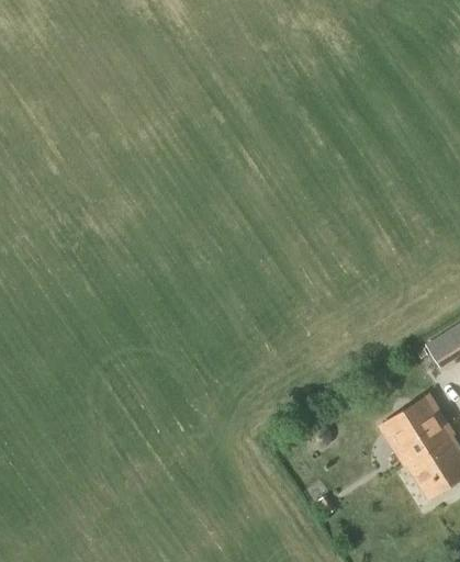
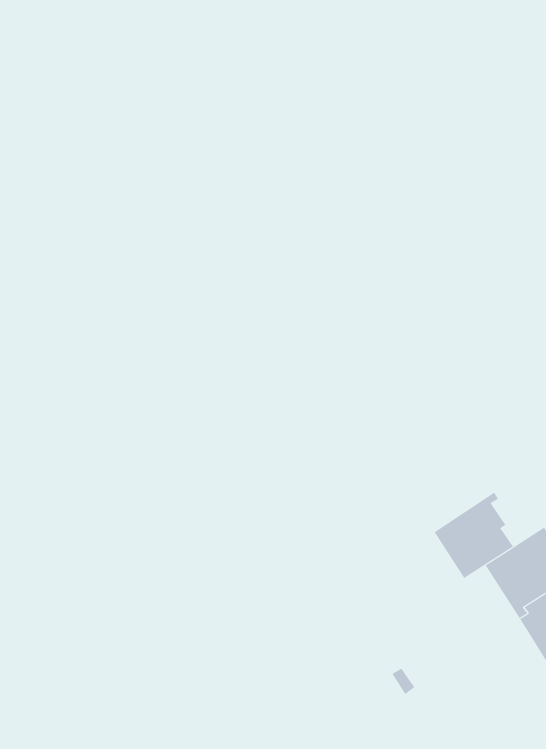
building: none -> [434,492,514,579]

